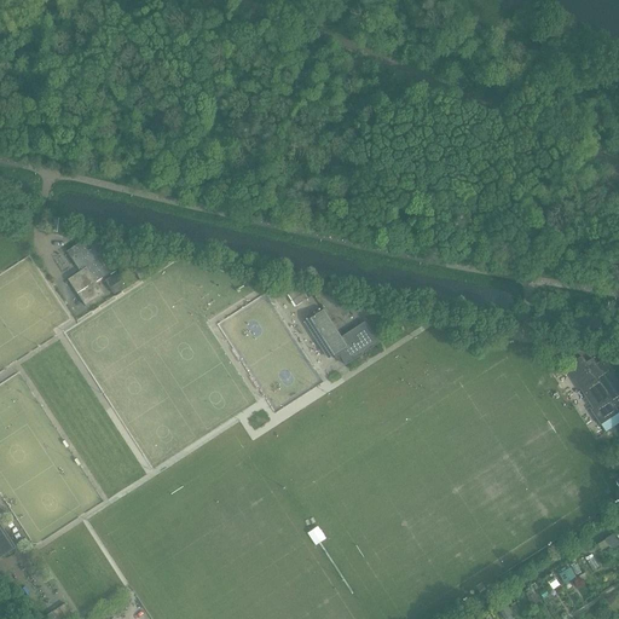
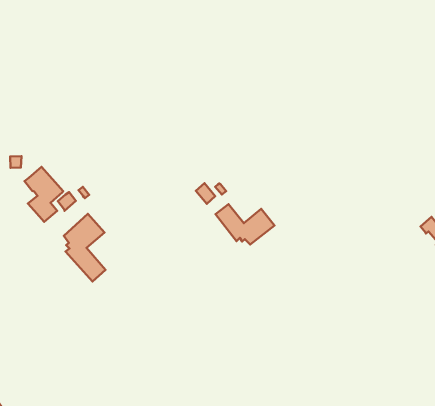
building: none -> [64,214,105,281]

